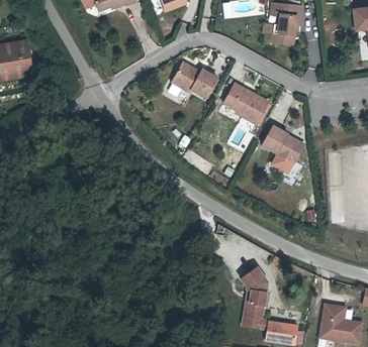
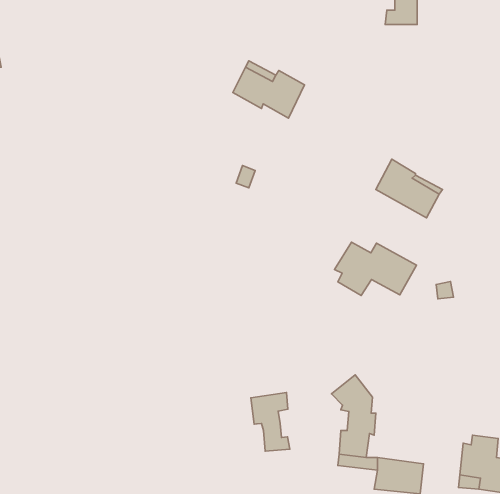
building: [228,87,273,128] -> none
building: none -> [335,242,417,296]
building: none -> [251,393,290,451]

